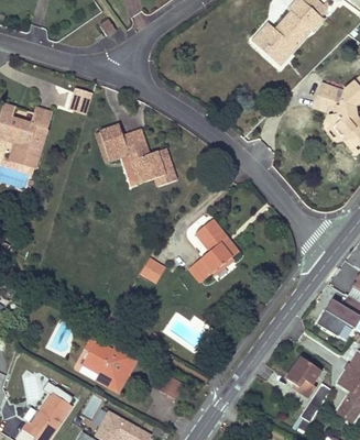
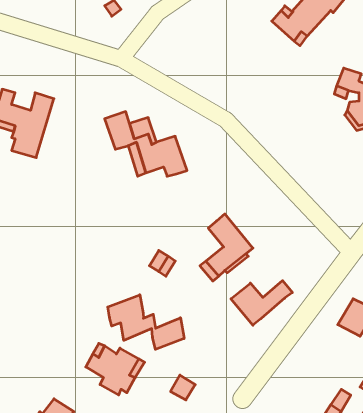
building: none -> [231,281,292,325]
building: none -> [108,295,184,349]
building: [285,358,318,397] -> none

